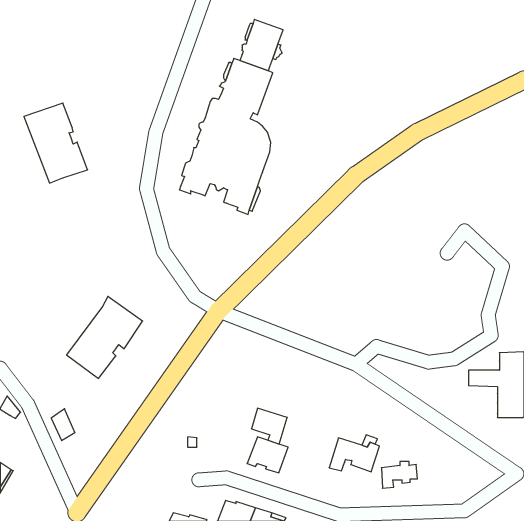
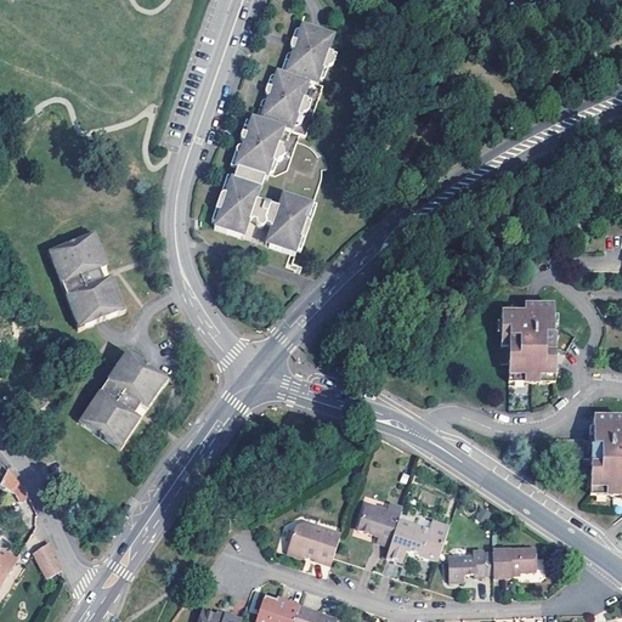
building: [24,103,88,183] -> [46,233,121,328]
building: none -> [501,305,555,383]
building: [251,408,287,444] -> [358,498,401,541]
building: [51,409,75,441] -> [33,542,61,579]
building: none -> [493,545,536,575]

